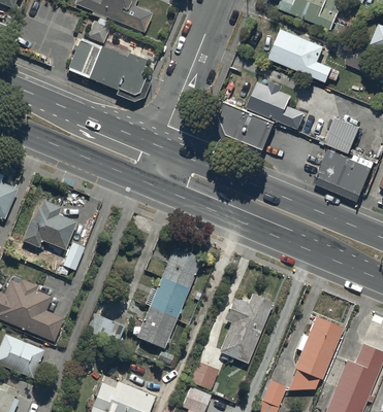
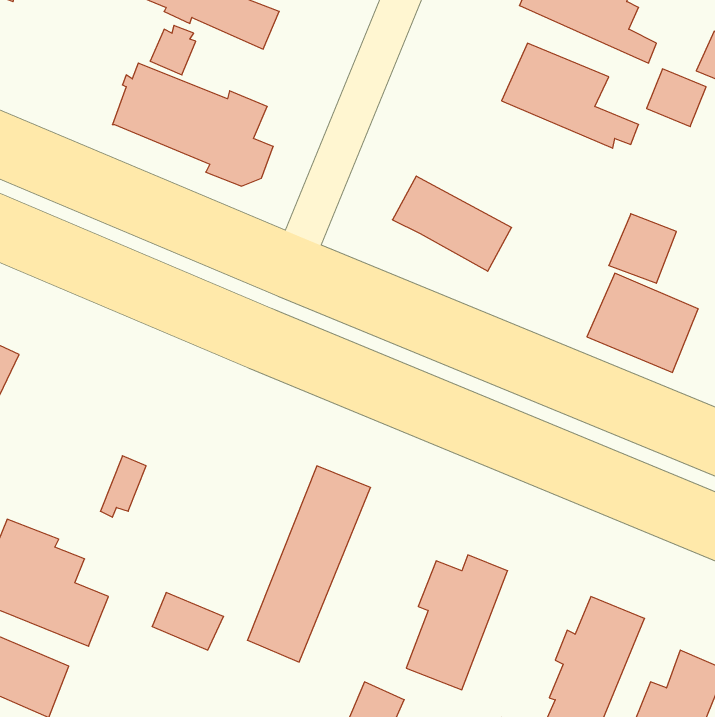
building: [247,81,305,130] -> none
building: [22,201,75,250] -> none

